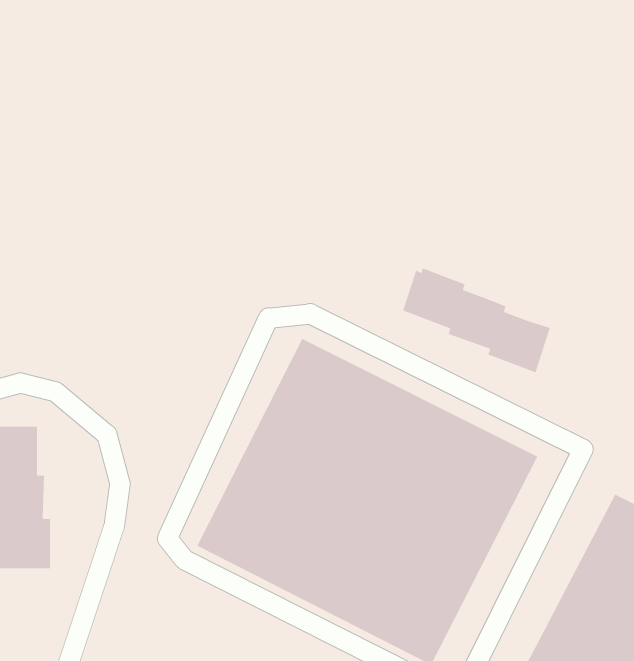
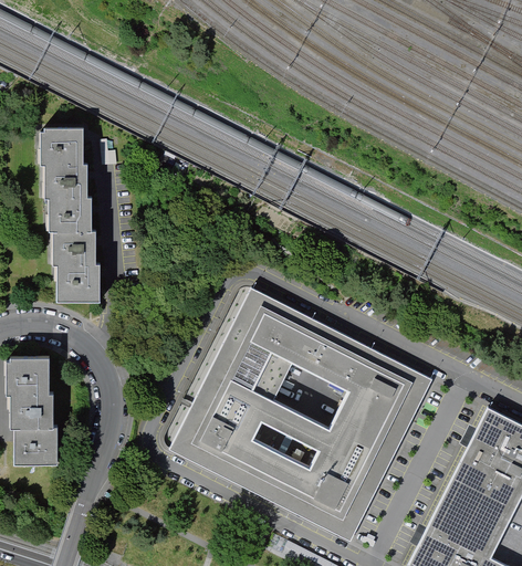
building: none -> [38,125,100,304]
building: [403,267,550,373] -> none

